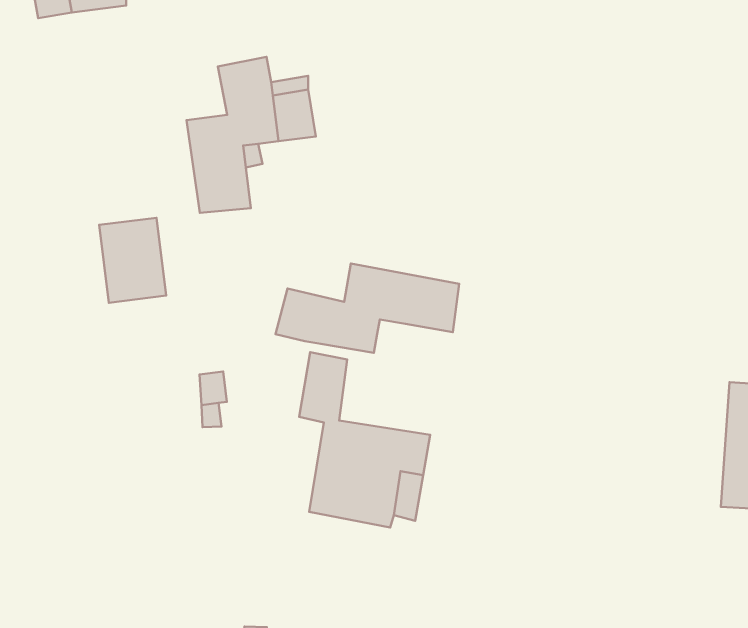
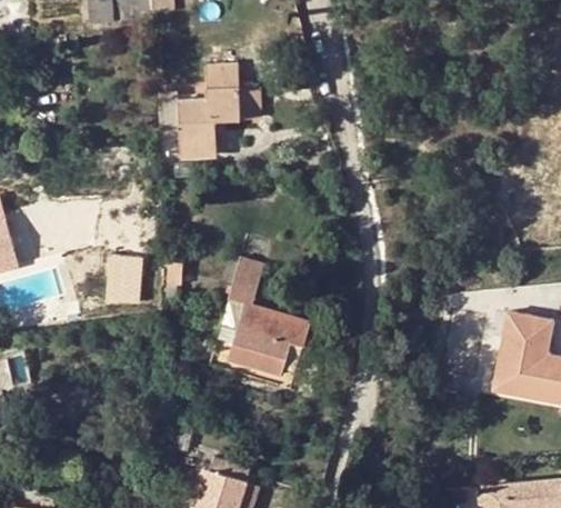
building: [99,218,166,303] -> [104,255,142,306]
building: [276,263,459,353] -> none

